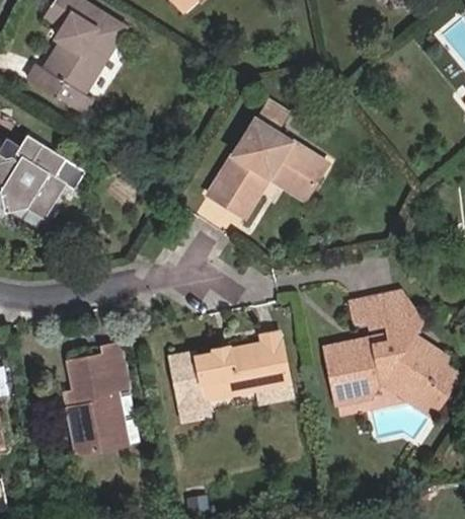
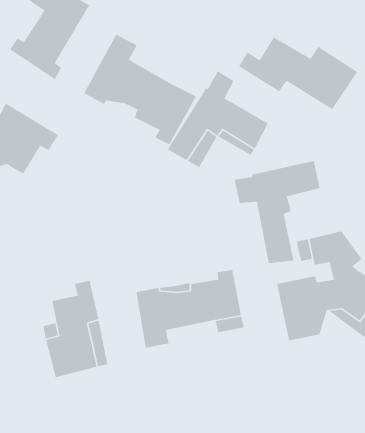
building: none -> [83,34,197,145]
building: none -> [238,36,358,110]
building: none -> [233,160,320,264]

